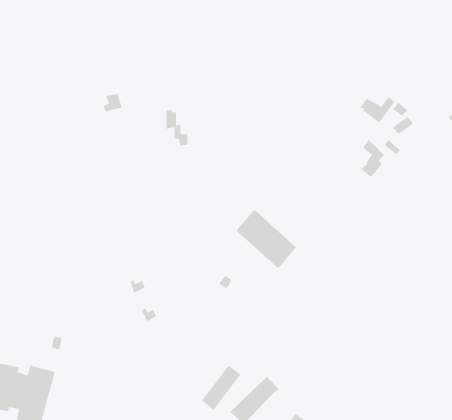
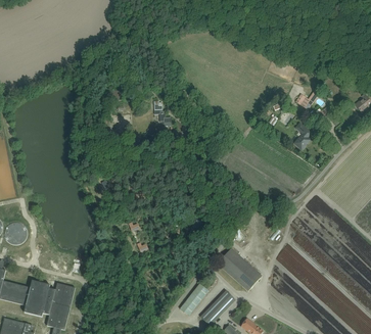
building: [236,209,297,269] -> [217,248,261,291]

